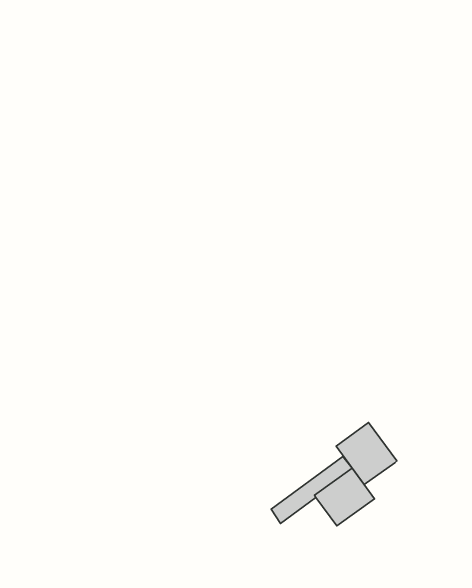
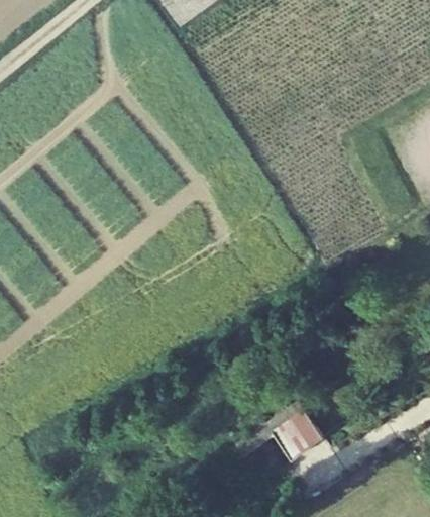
building: [336,423,397,485] -> none

